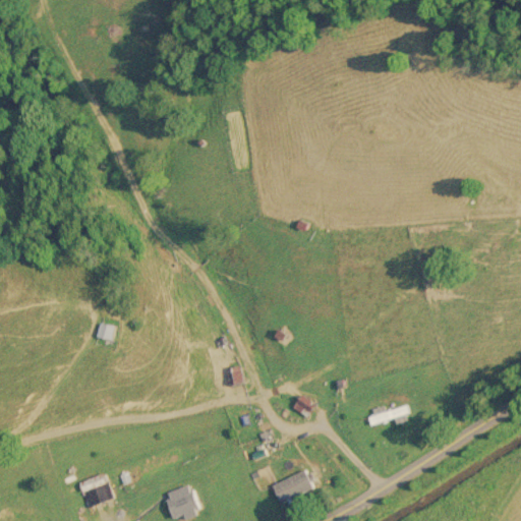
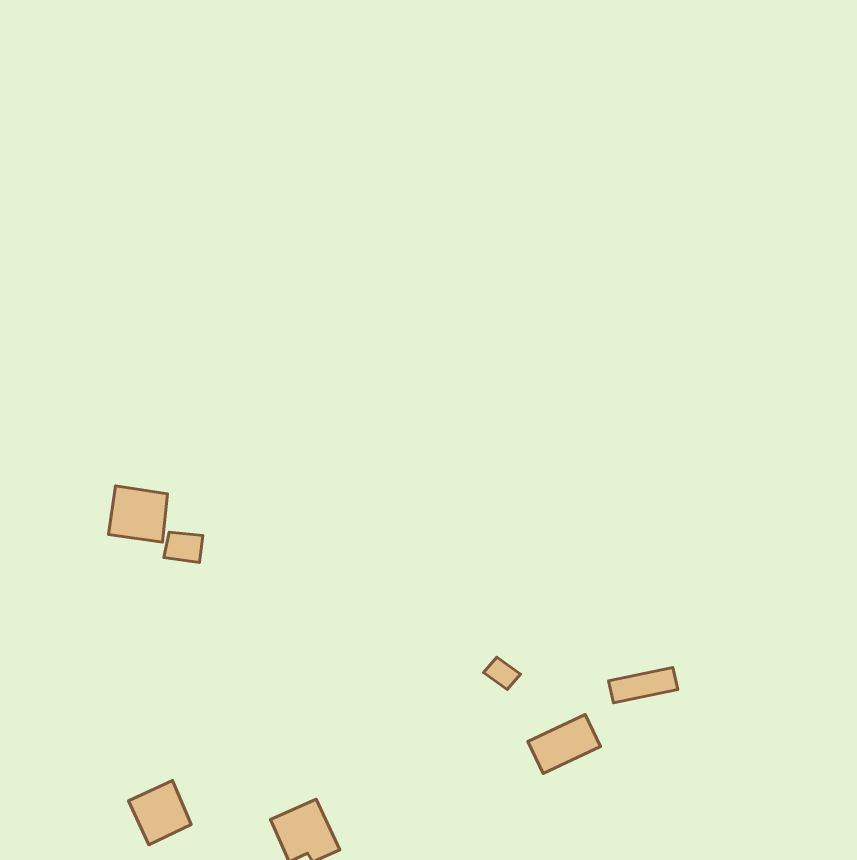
building: none -> [108,486,168,542]
building: [270,469,313,505] -> [528,714,601,774]

